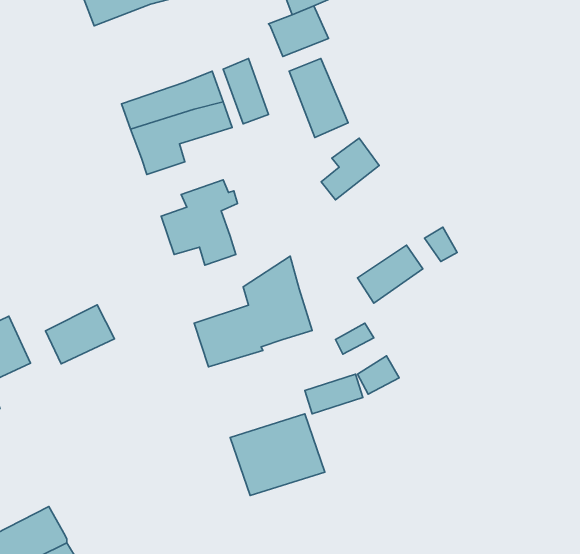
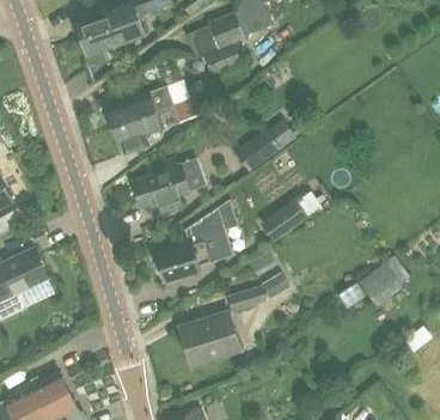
building: [289,58,348,137] -> none
building: [45,305,115,364] -> none
building: none -> [360,264,401,304]

